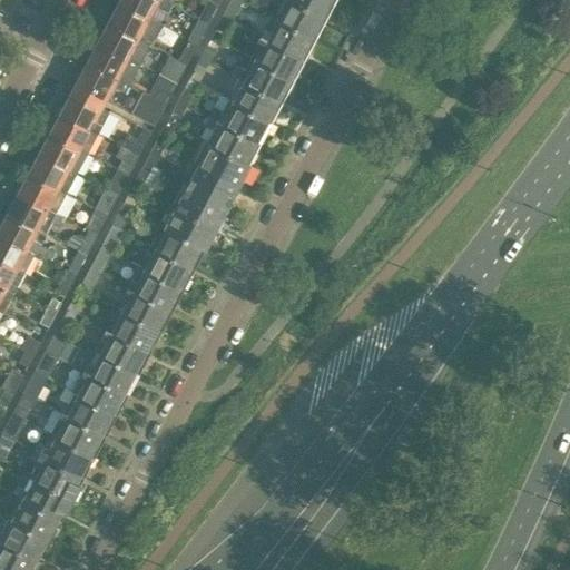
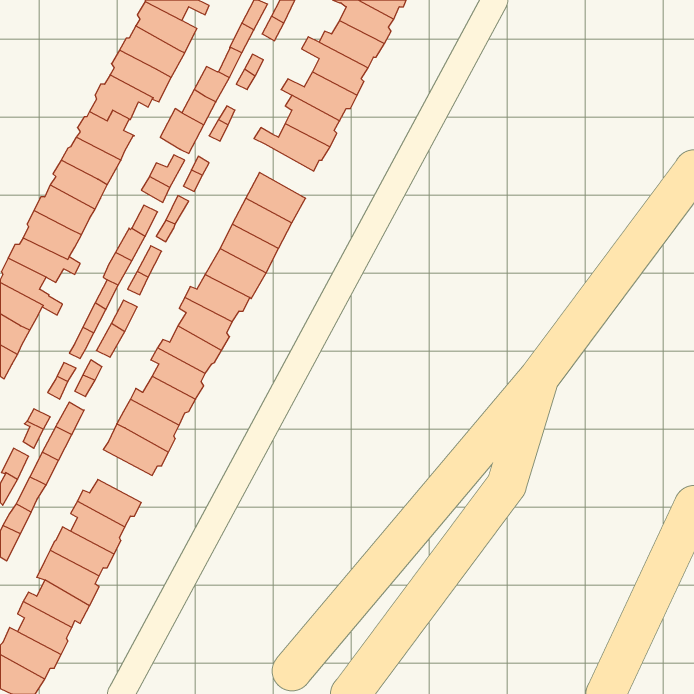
building: [204,114,257,161] -> none
building: [73,368,125,412] -> none

